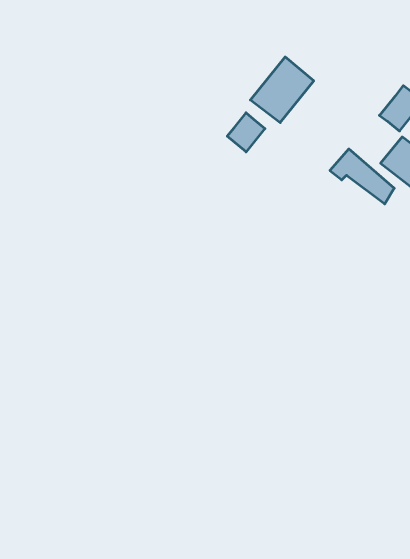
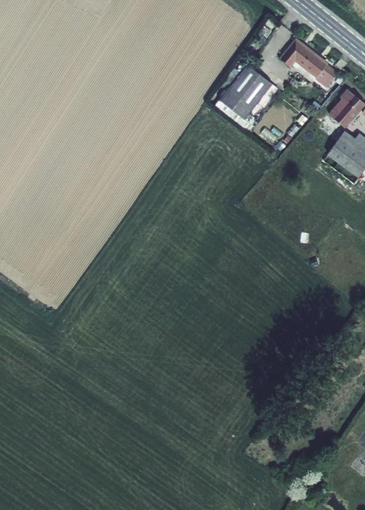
building: [227,113,265,152] -> none
building: [330,149,394,204] -> [279,42,333,88]

